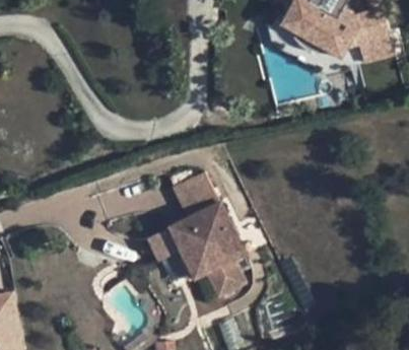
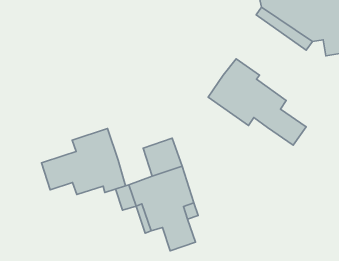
building: none -> [208,59,306,145]
building: none -> [41,128,125,194]

